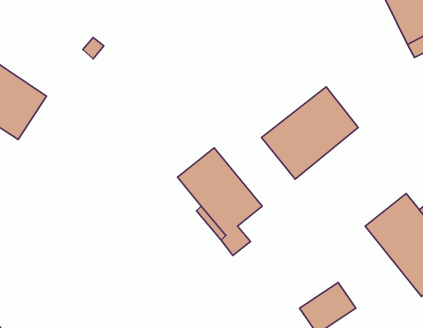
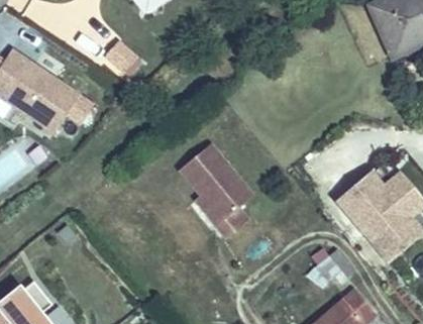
building: [262,87,358,179] -> none

